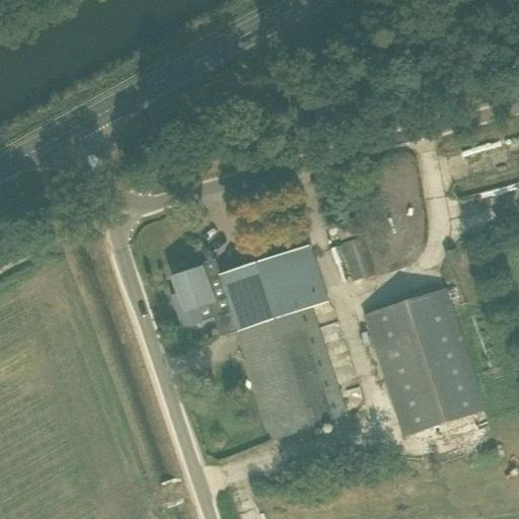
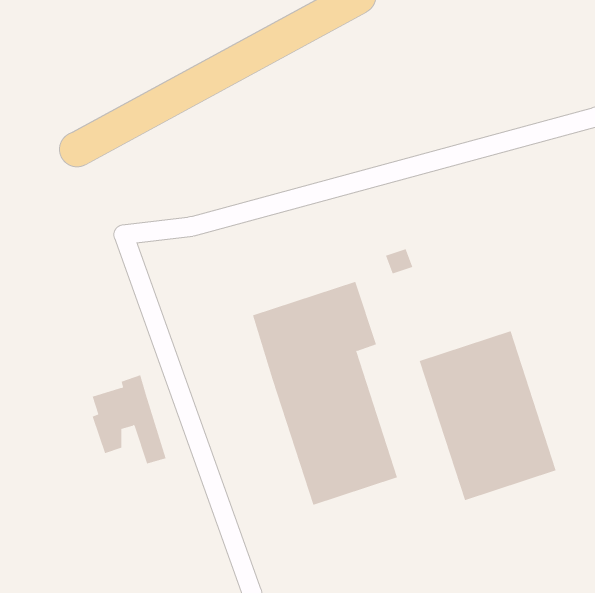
building: [342,236,376,281] -> none
building: [172,256,237,335] -> [92,374,166,464]

